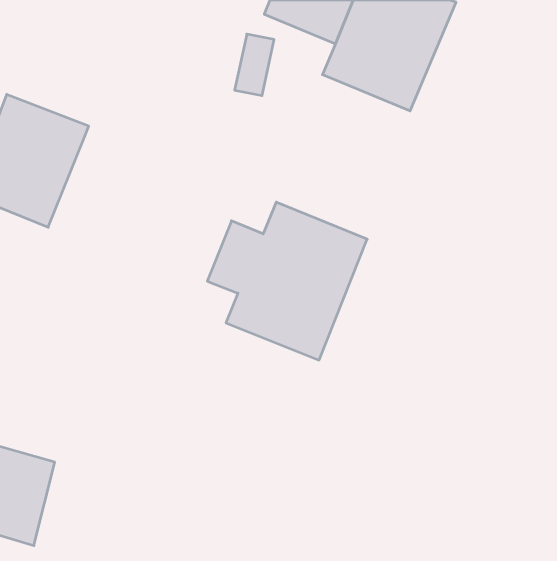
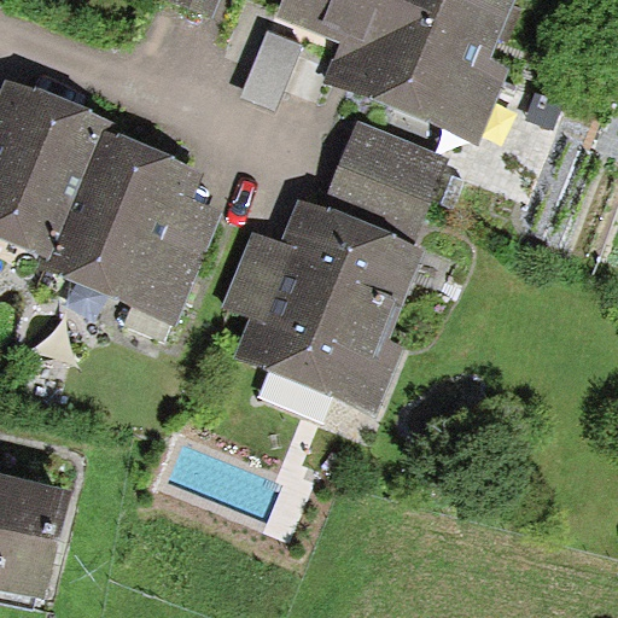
building: none -> [340,126,454,220]
building: none -> [47,151,215,314]

